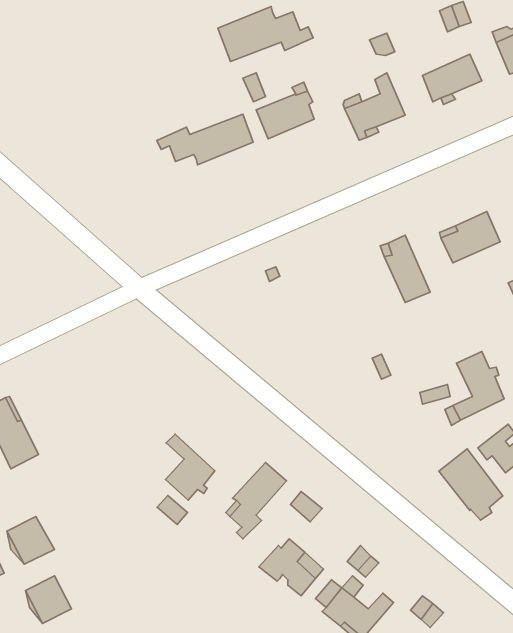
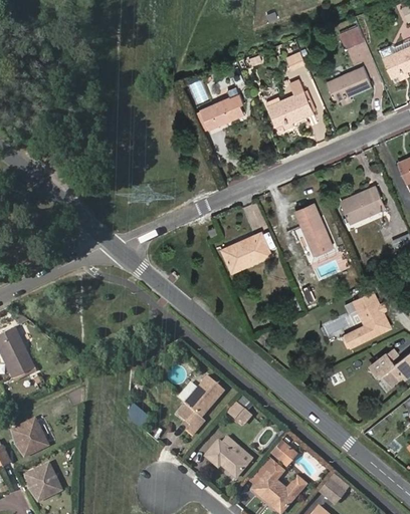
building: [218,6,313,61] -> none
building: [157,114,253,165] -> none
building: none -> [221,232,272,274]
building: [165,434,215,500] -> none
building: [439,449,503,520] -> none

